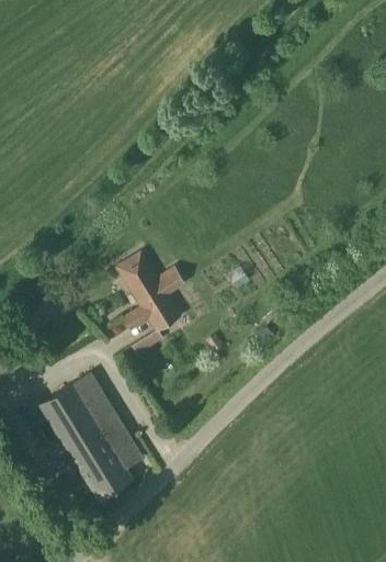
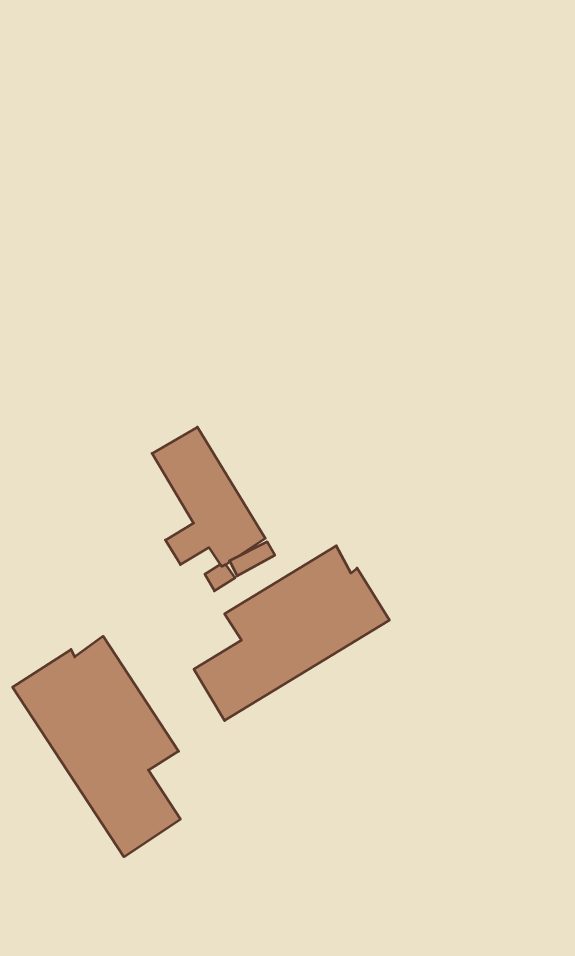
building: none -> [194,546,389,721]

